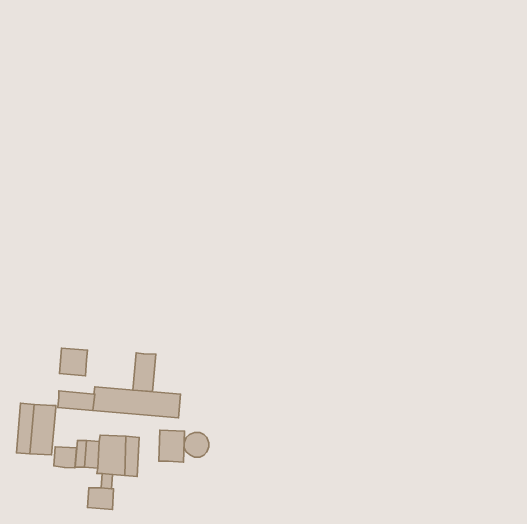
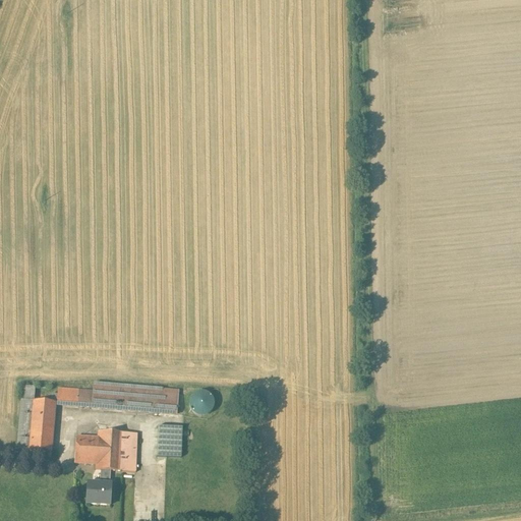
building: [60,348,88,376] -> none
building: [133,353,156,391] -> none
building: [184,432,209,457] -> [189,390,214,414]
building: [54,447,77,468] -> none

